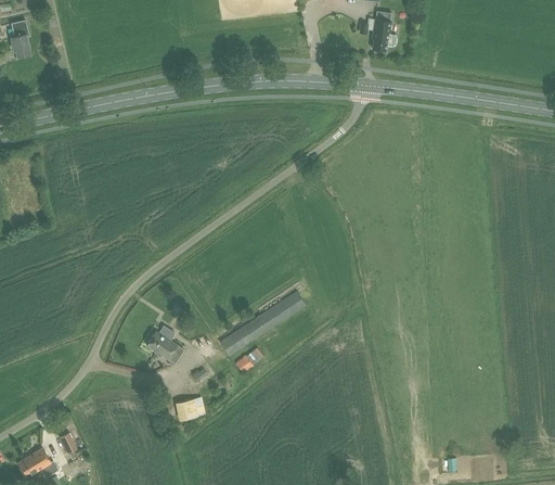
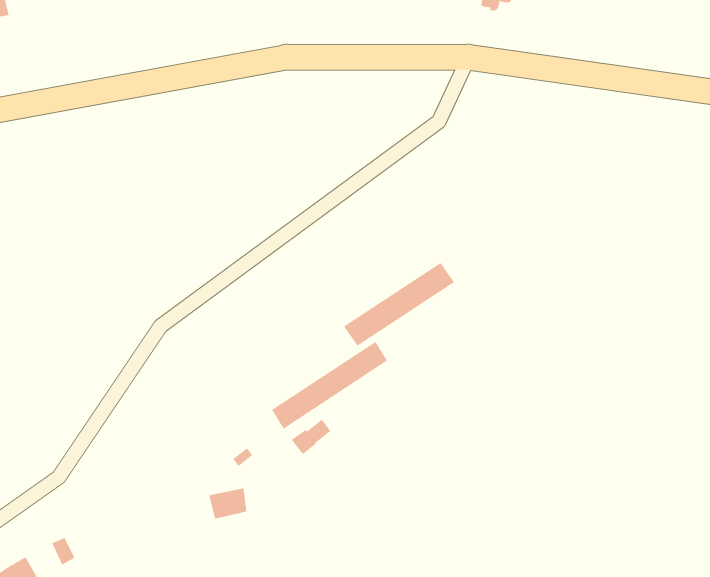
building: none -> [343,262,455,347]
building: [146,327,183,363] -> none

